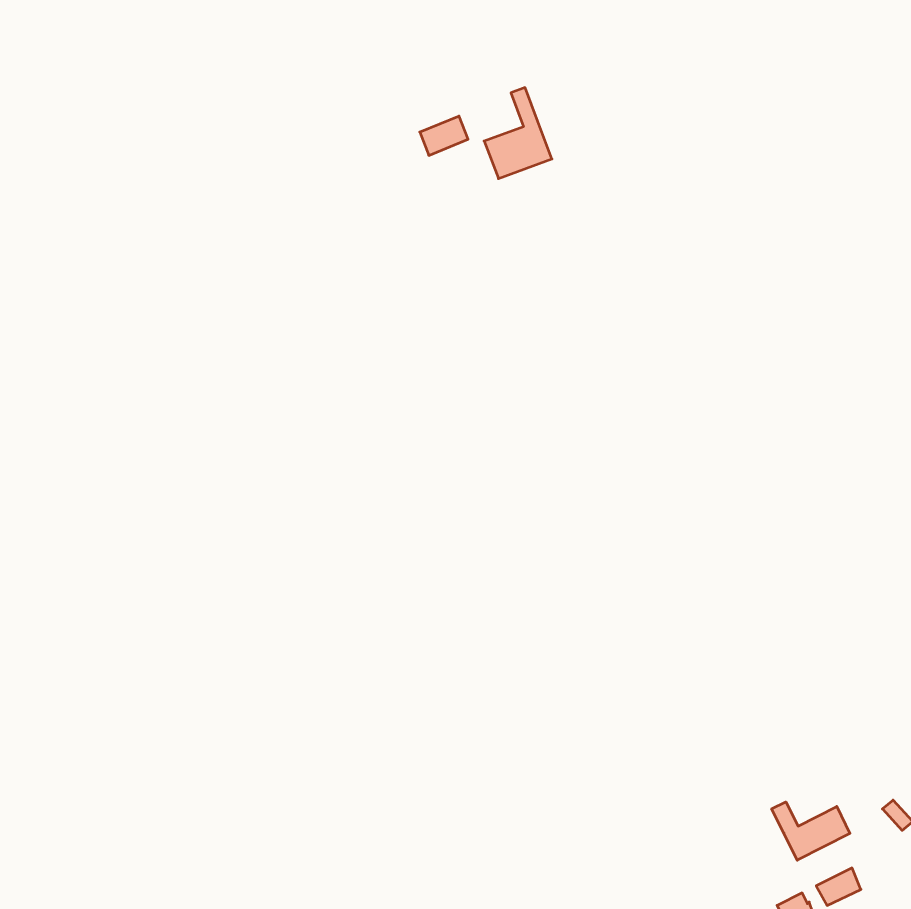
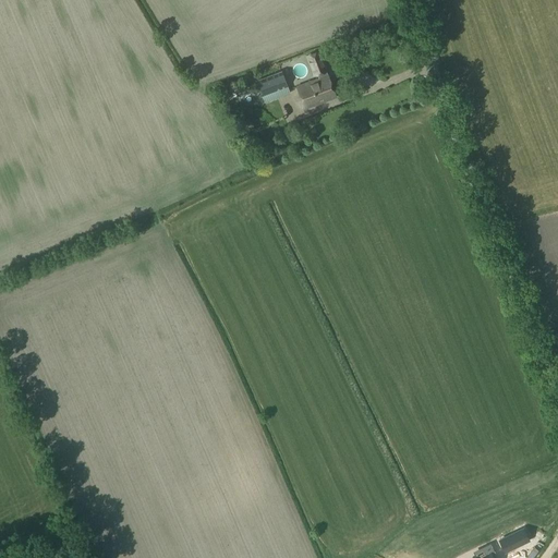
building: [772,802,850,860] -> none

